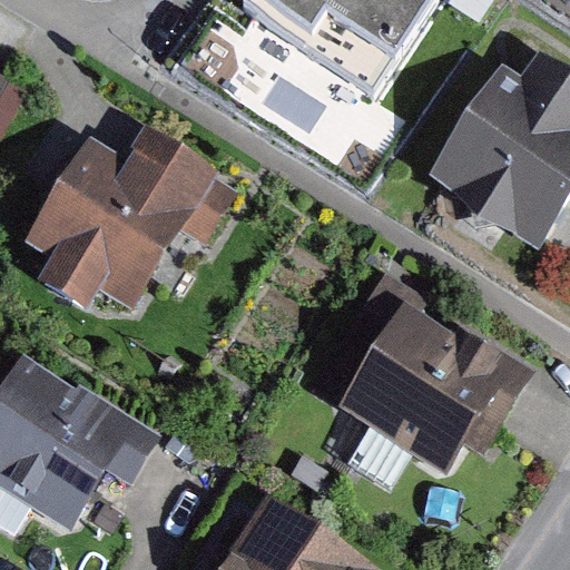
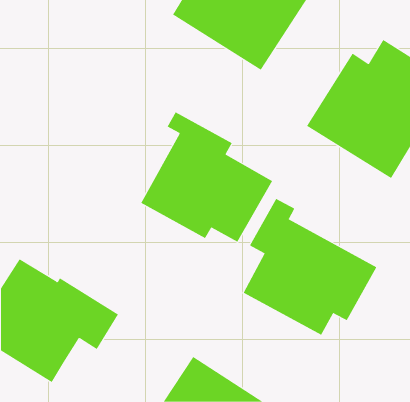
building: [16,127,242,311] -> none
building: none -> [140,111,273,243]

